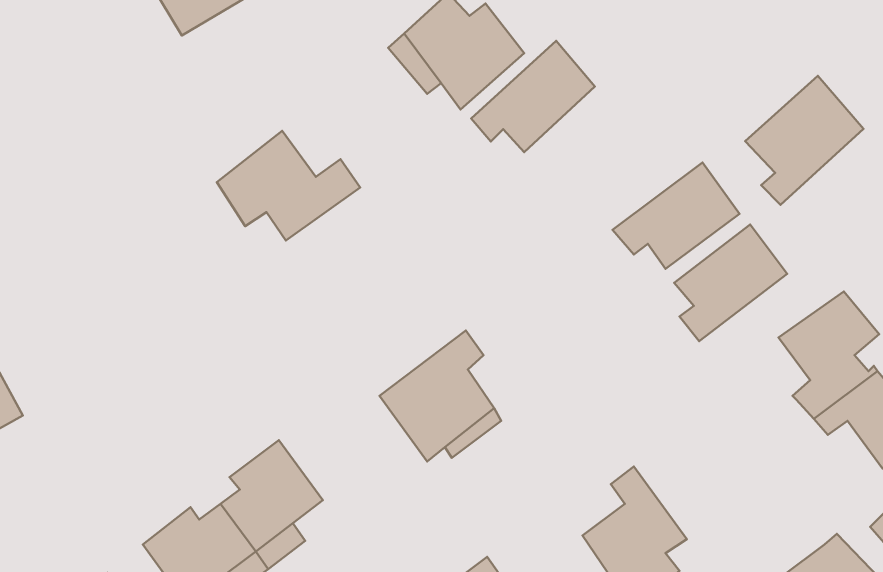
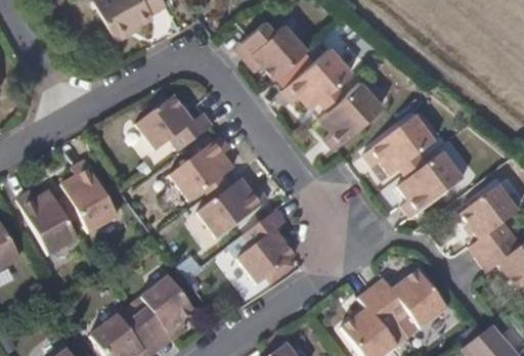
building: [745,76,864,205] -> [317,76,386,150]
building: none -> [165,135,231,202]
building: none -> [62,160,120,233]
building: none -> [196,177,273,242]
building: none -> [18,188,78,256]
building: none -> [375,270,452,330]

